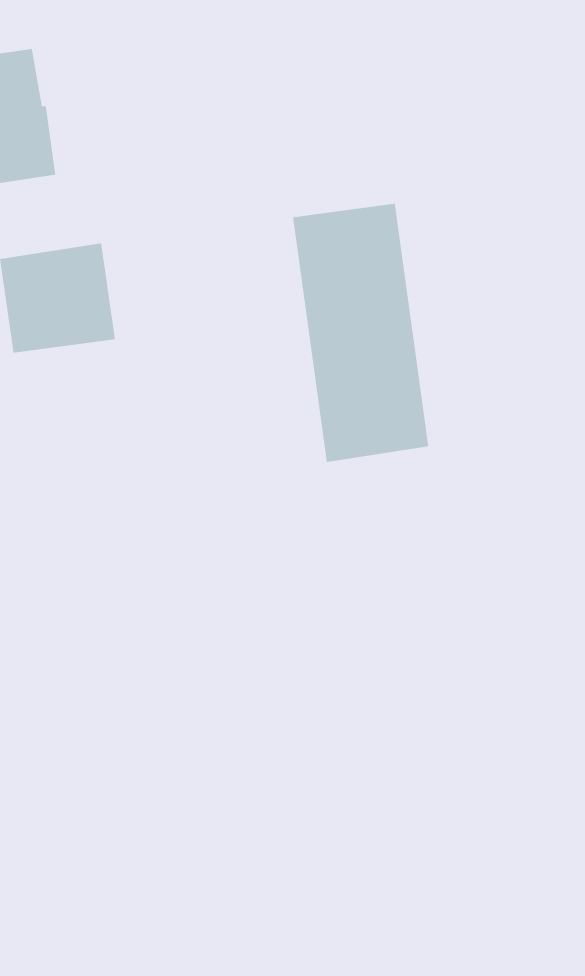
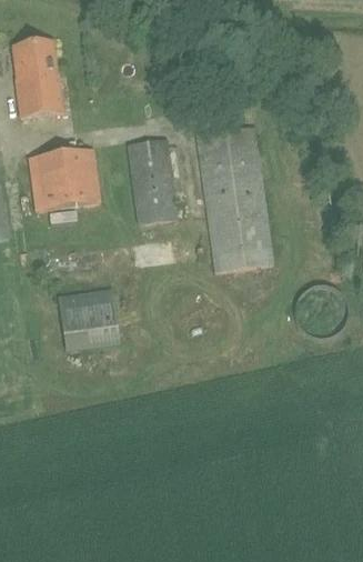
building: none -> [128,139,177,224]
building: none -> [58,289,120,352]

